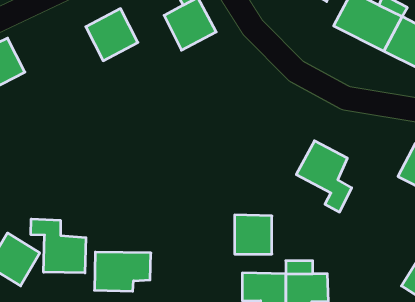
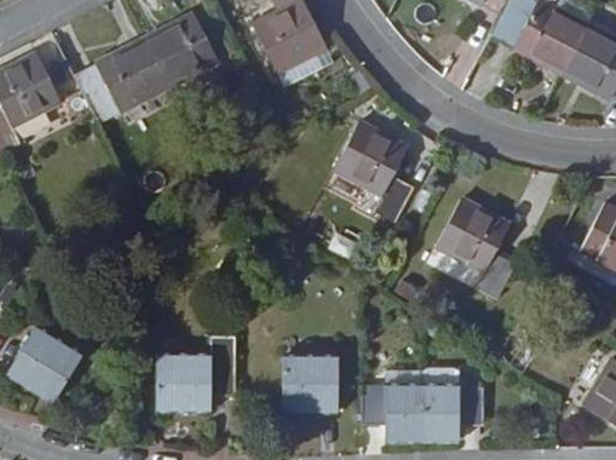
building: none -> [74,41,168,126]
building: none -> [335,122,413,223]
building: [235,215,272,254] -> [284,355,336,409]
building: [31,219,86,273] -> none

